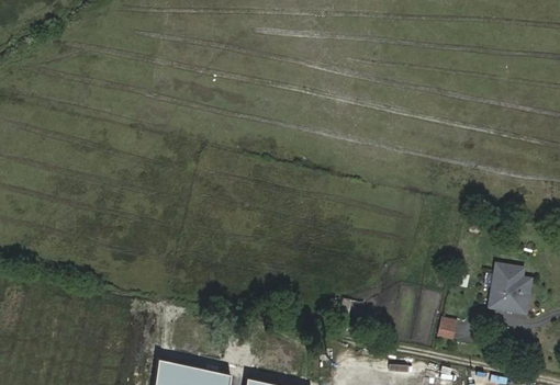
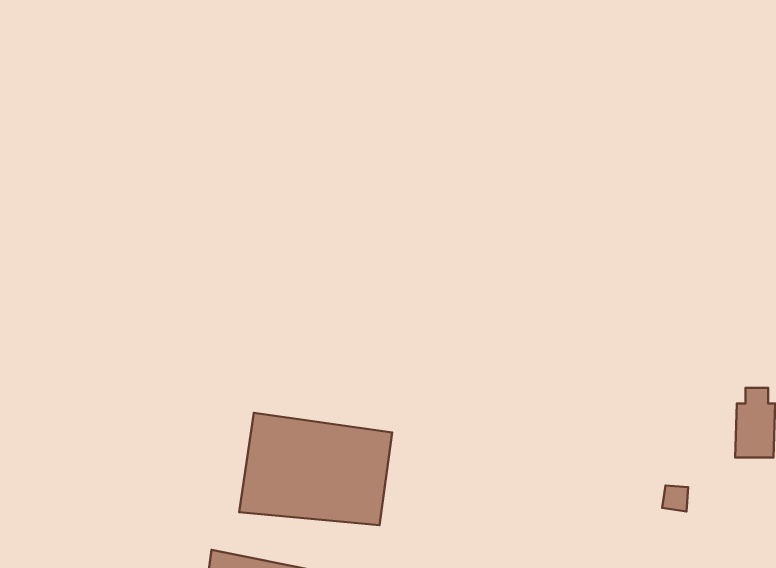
building: none -> [239,413,392,525]

